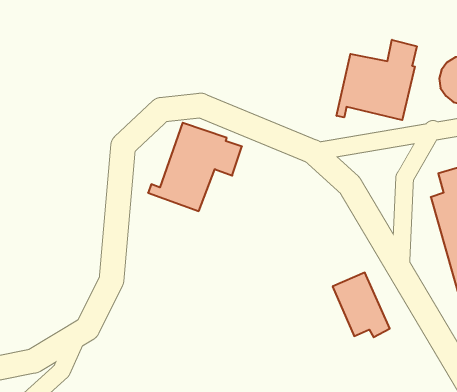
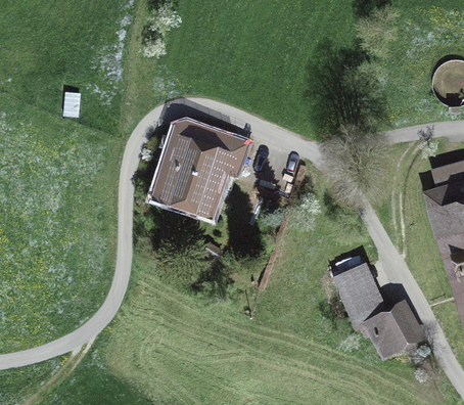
building: [337,40,417,120] -> none
building: none -> [371,309,417,355]

